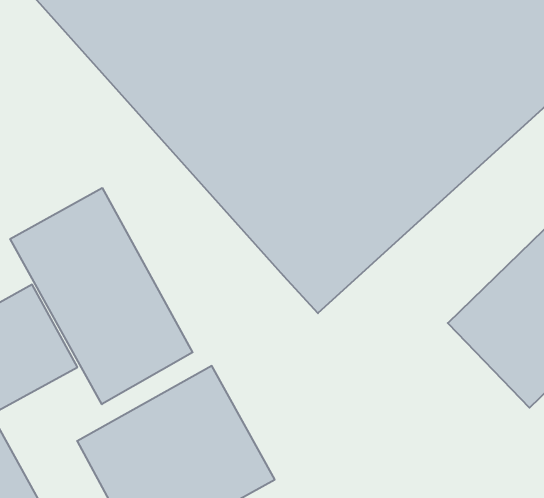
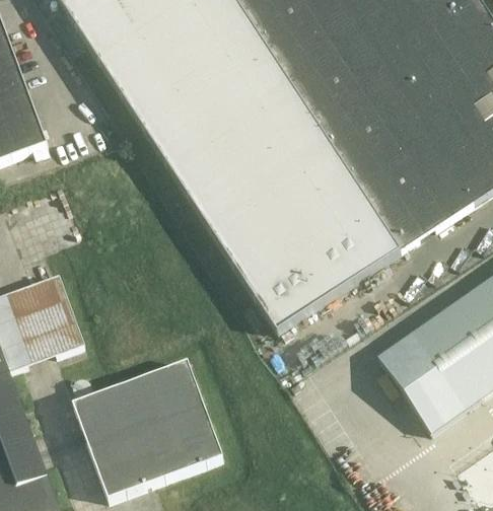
building: [10,188,193,404] -> none

